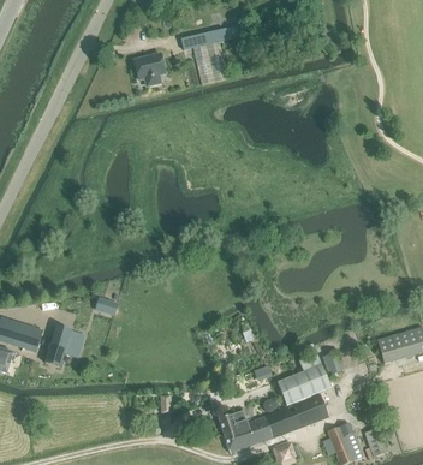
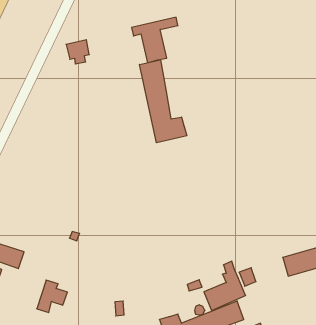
building: [133,54,163,85] -> [66,40,89,64]
building: none -> [140,60,187,143]
building: [44,326,84,368] -> [37,280,67,313]

